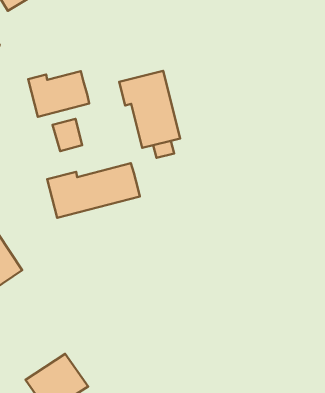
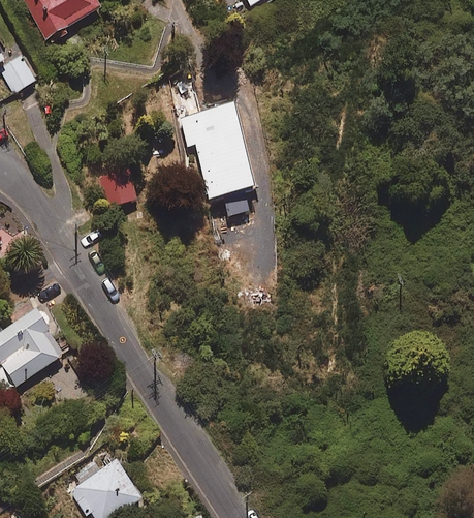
building: [28,71,89,117] -> none
building: [47,163,140,218] -> none

